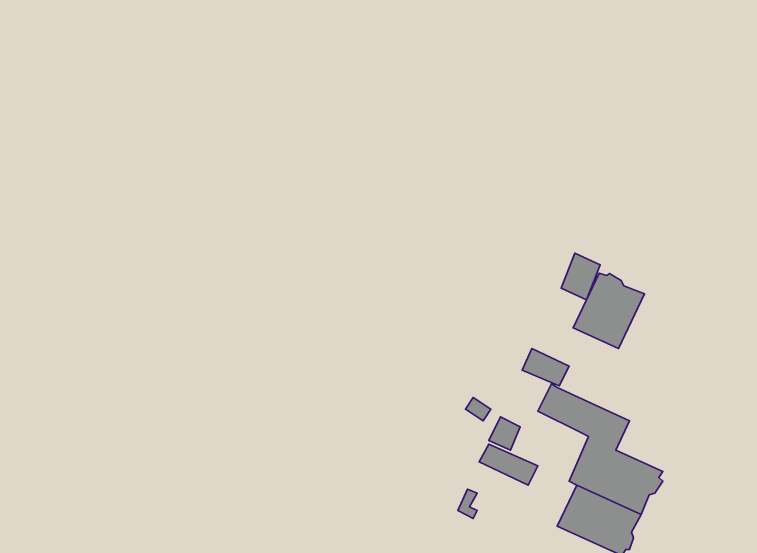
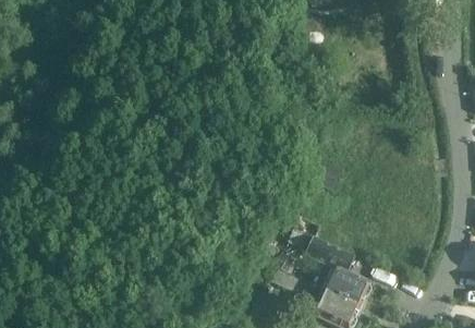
building: [573,273,644,348] -> none

